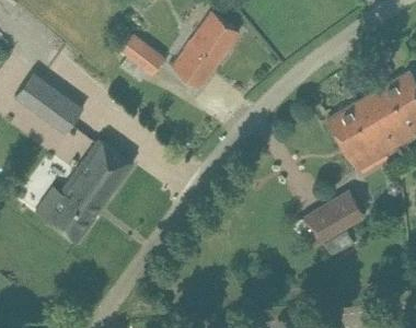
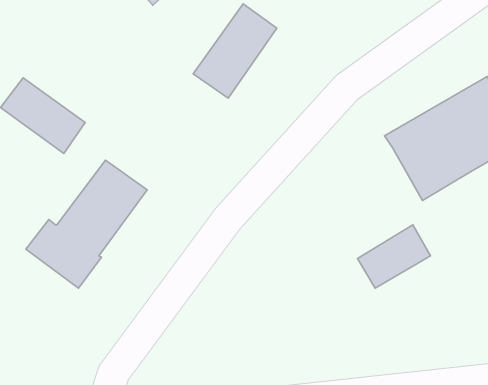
building: [119,34,164,75] -> none

